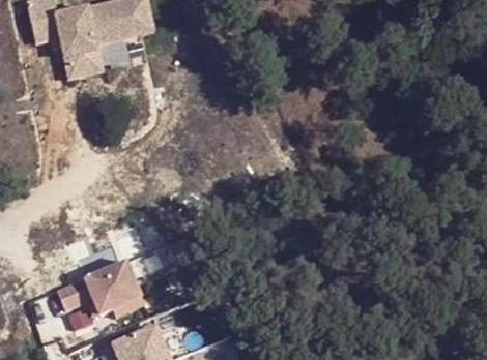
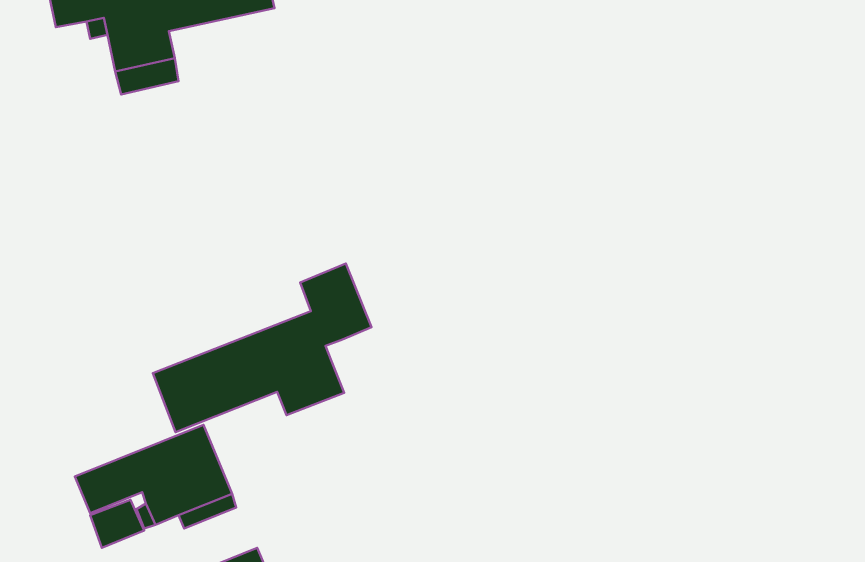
building: none -> [153,263,372,432]

